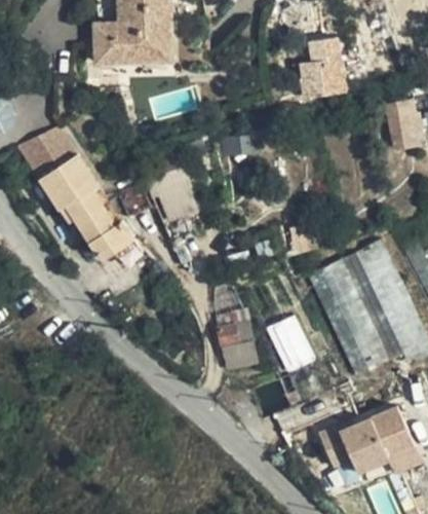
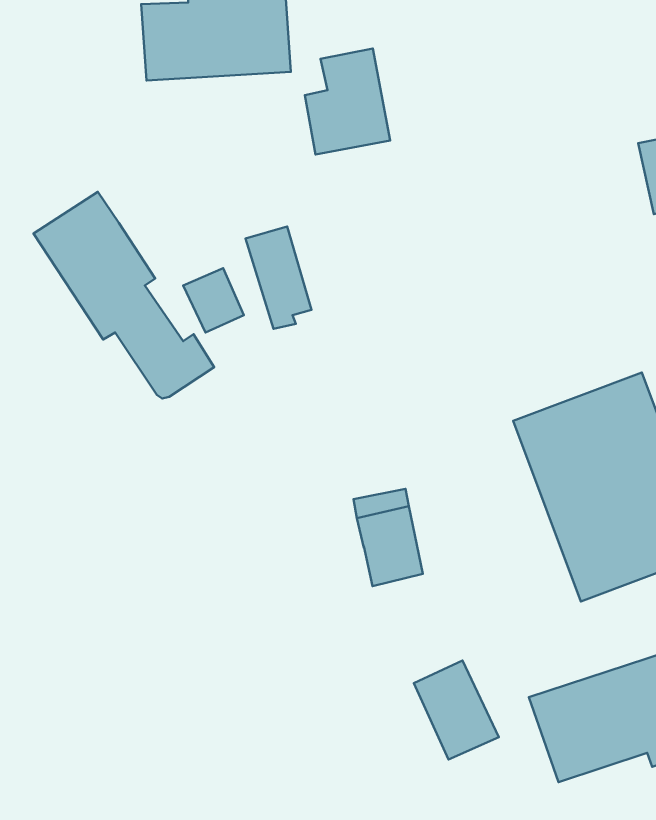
building: [297,36,347,99] -> [305,48,390,154]
building: [265,314,315,372] -> [414,661,499,760]

